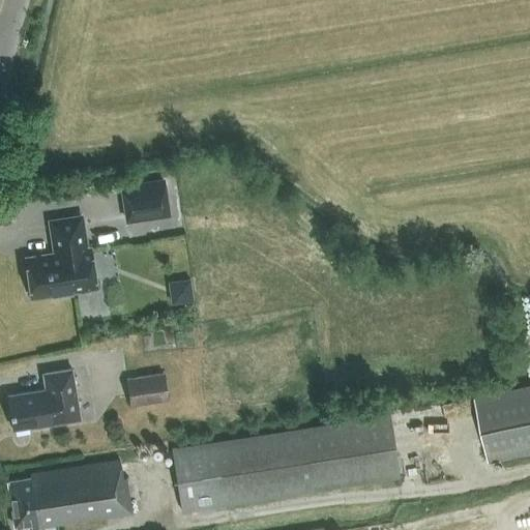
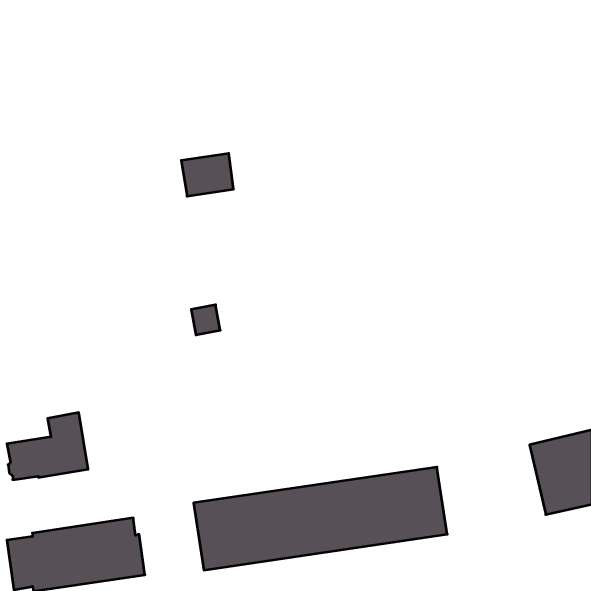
building: [122,182,169,220] -> [181,153,233,196]
building: [26,217,96,298] -> none
building: [126,375,167,408] -> none

